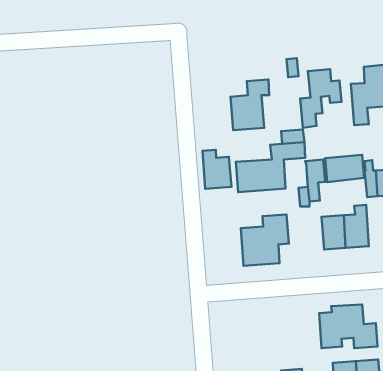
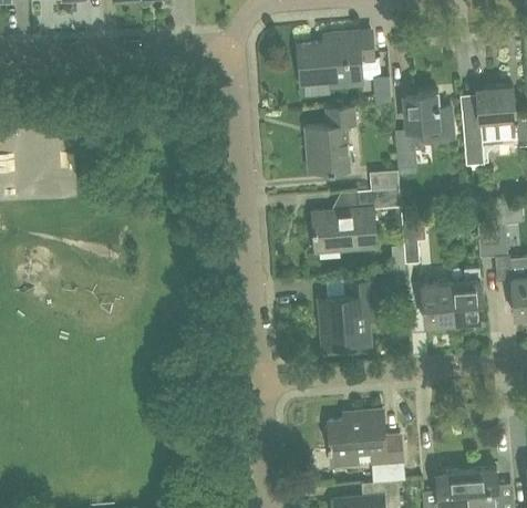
building: none -> [298,33,372,87]
building: [202,150,231,189] -> none
building: [325,155,364,182] -> none
building: [319,304,377,348] -> [327,411,402,467]

